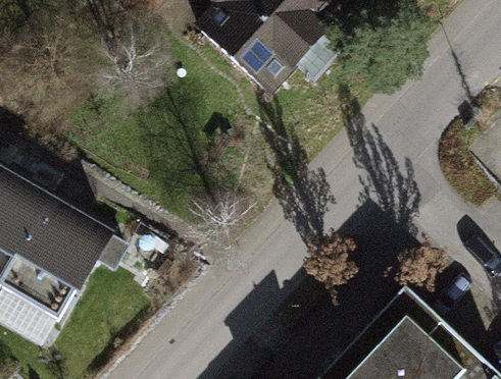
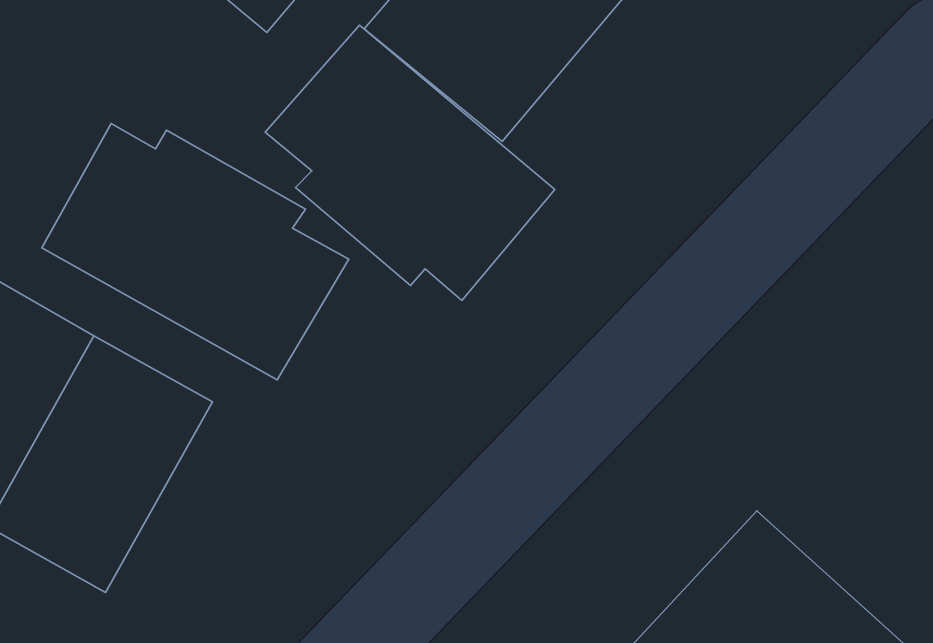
building: none -> [265,25,555,300]
building: none -> [42,124,349,380]

